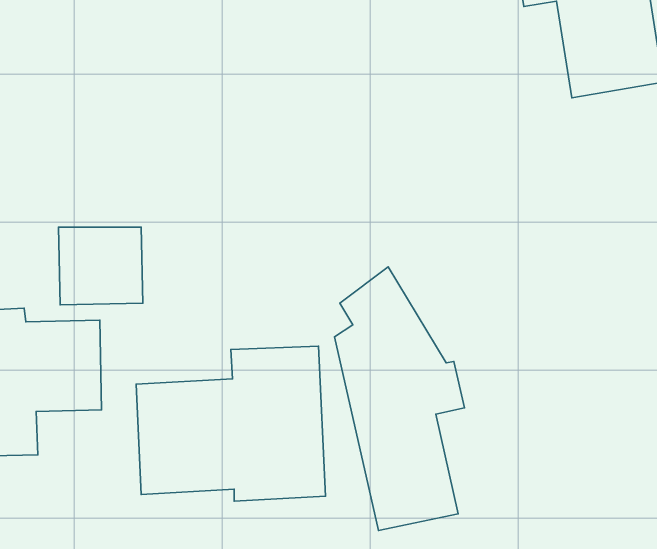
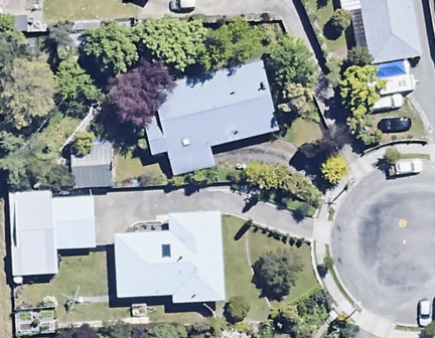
building: none -> [143,59,278,174]
building: [335,267,464,531] -> none

